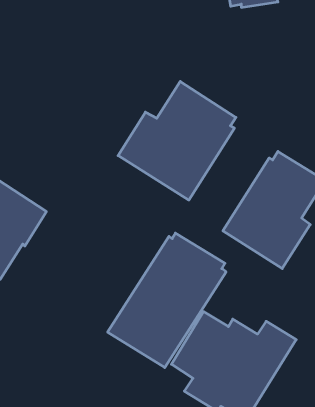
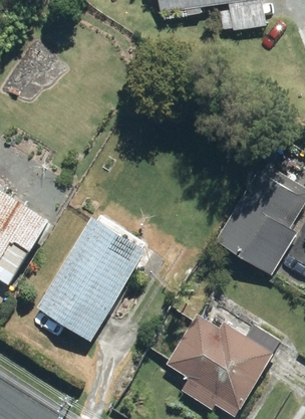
building: [118,81,236,200] -> none
building: [108,233,226,368] -> [36,215,146,341]

